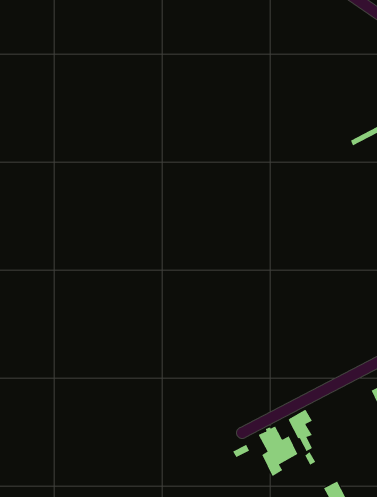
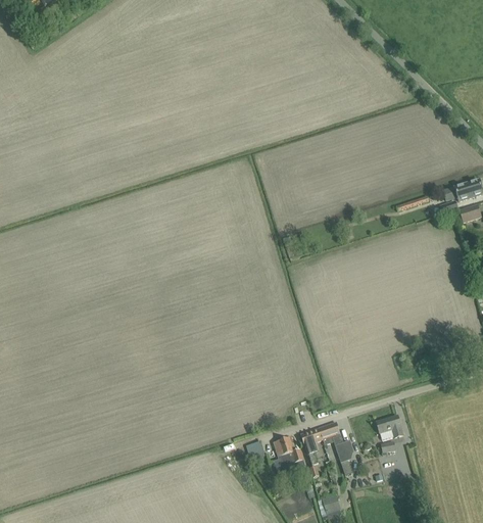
building: none -> [319,421,354,462]

